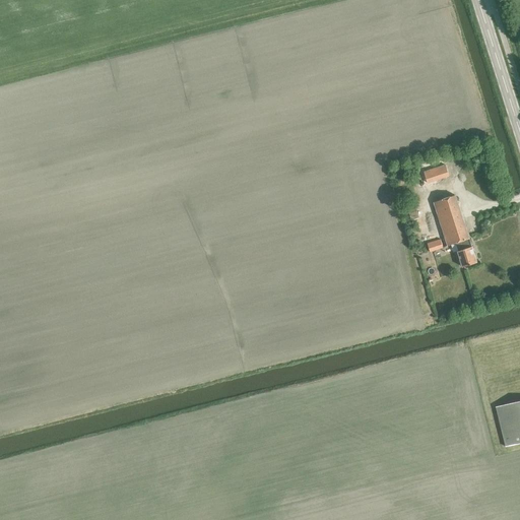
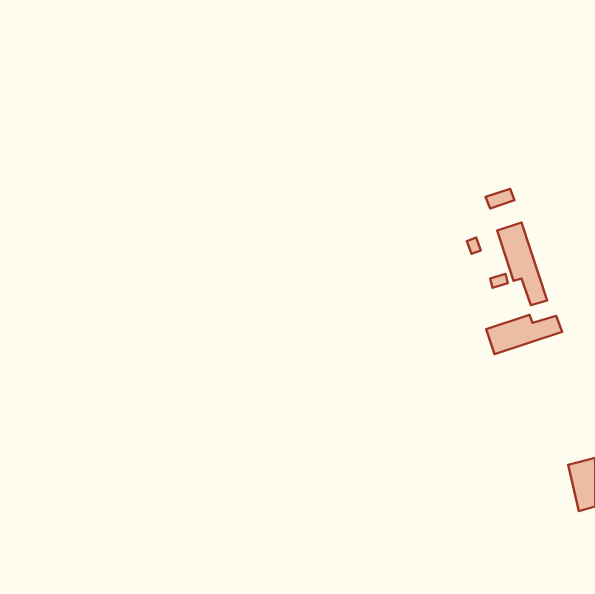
building: none -> [486,315,562,354]

